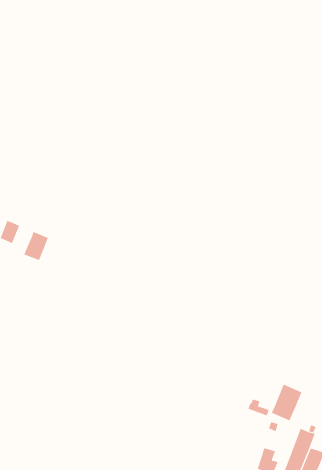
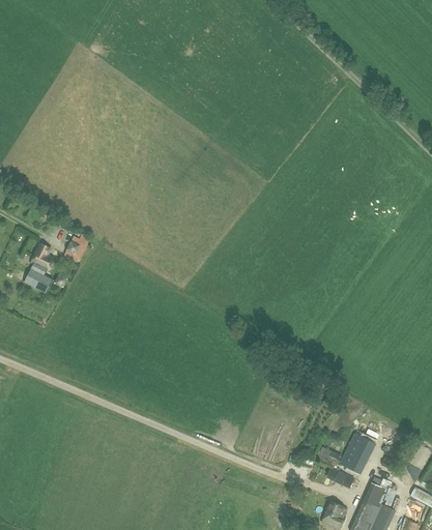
building: [24,231,49,261] -> none

